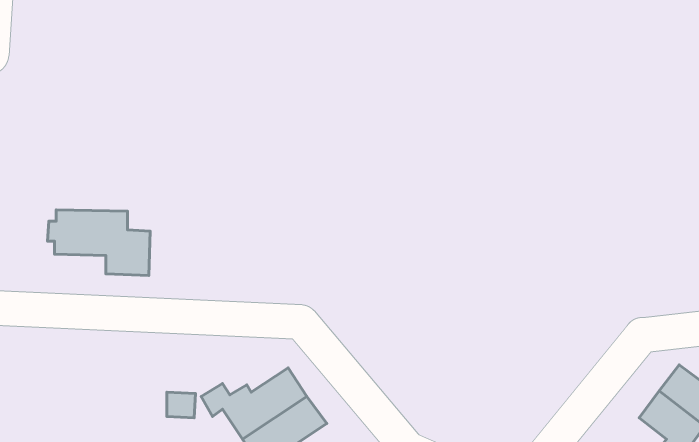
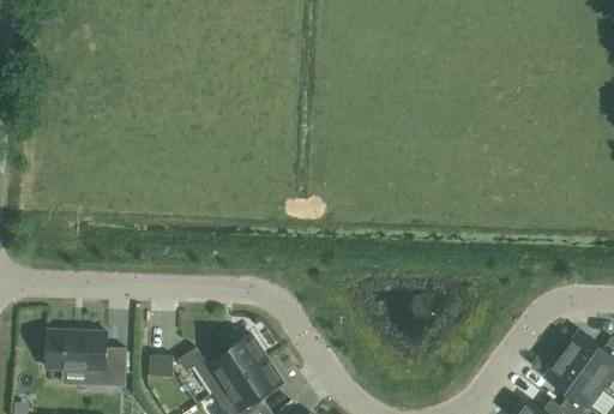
building: [47,210,150,275] -> [40,332,126,388]

